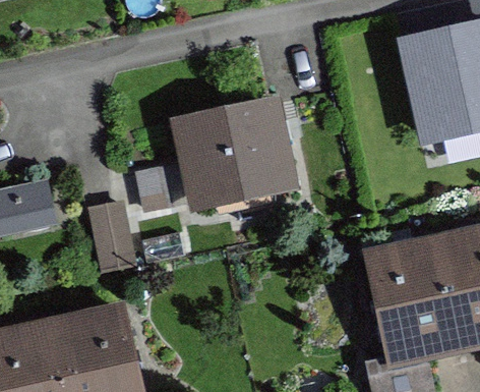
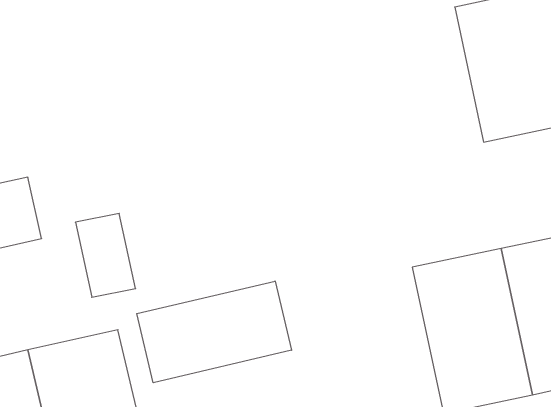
building: [169,94,302,213] -> none
building: none -> [137,281,292,383]

